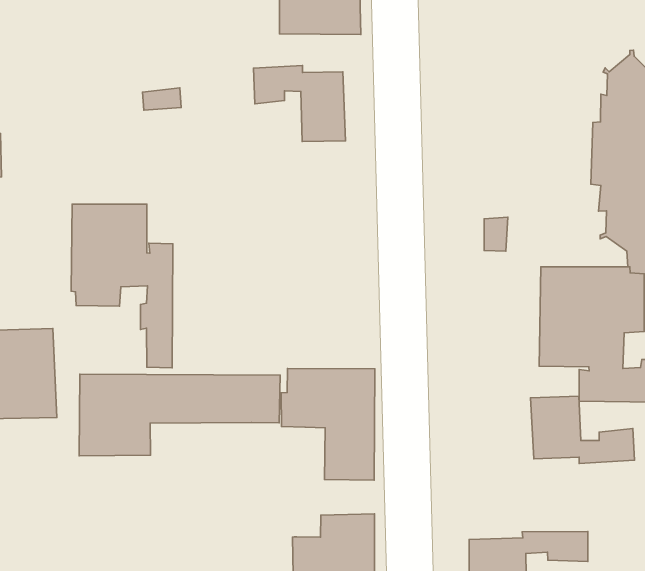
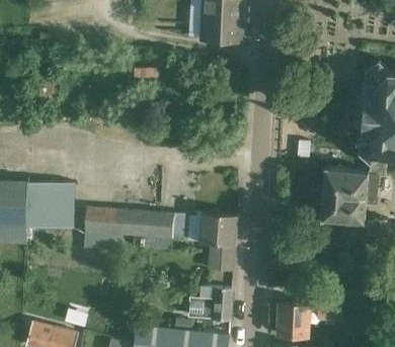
building: [253,65,345,142] -> none
building: [71,204,173,368] -> none
building: [530,396,635,464] -> none

